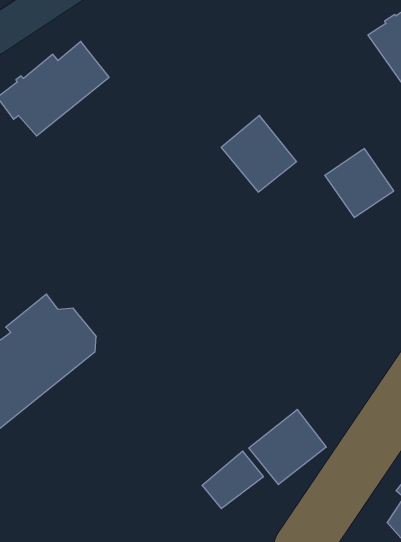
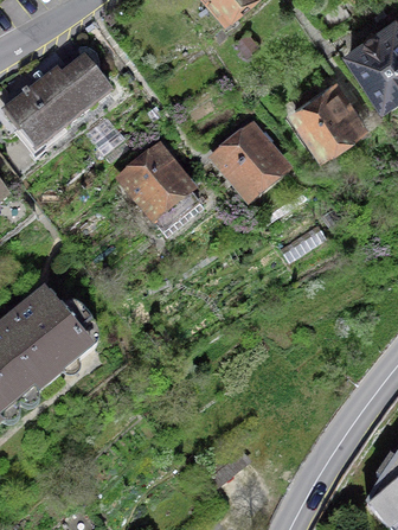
building: none -> [120,152,198,232]
building: [325,149,394,218] -> [294,85,358,149]
building: [249,409,326,485] -> none

